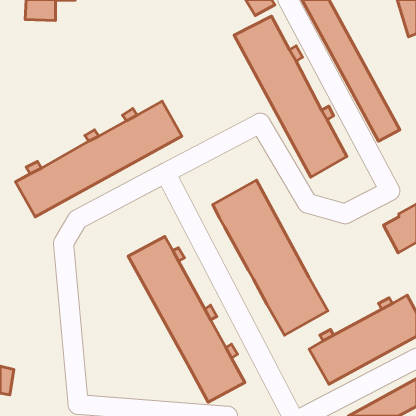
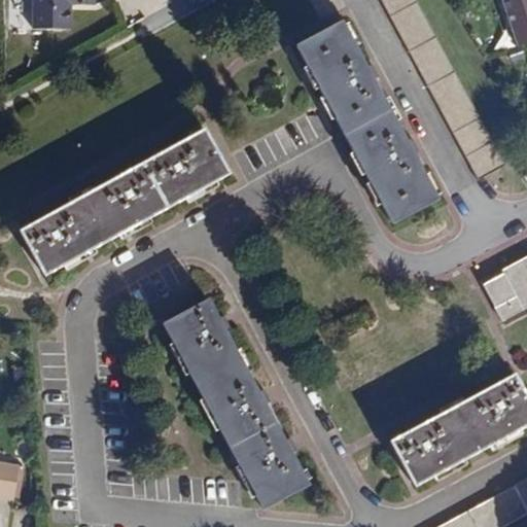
building: [213,180,328,335] -> none

